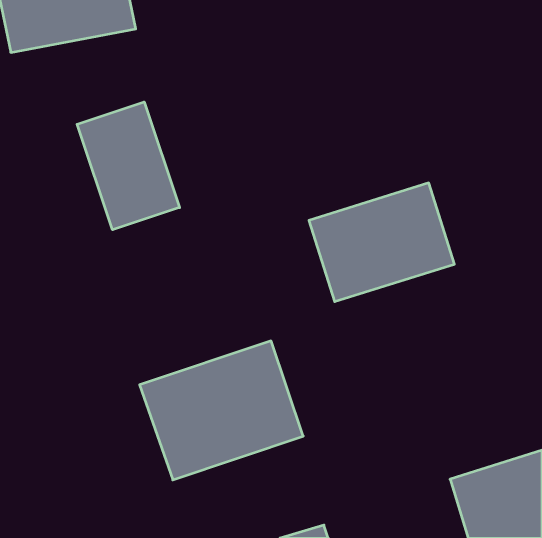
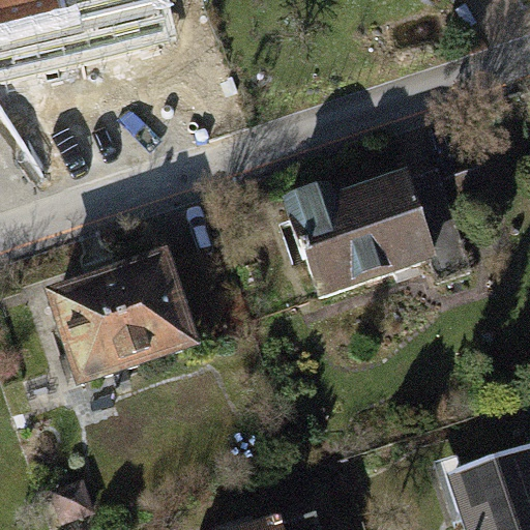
building: [77,102,180,230] -> none
building: [140,341,303,480] -> [43,248,202,383]

